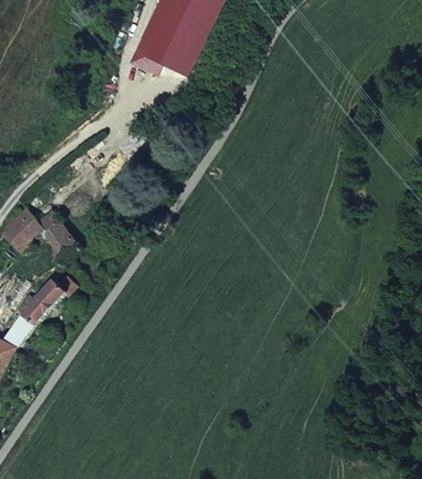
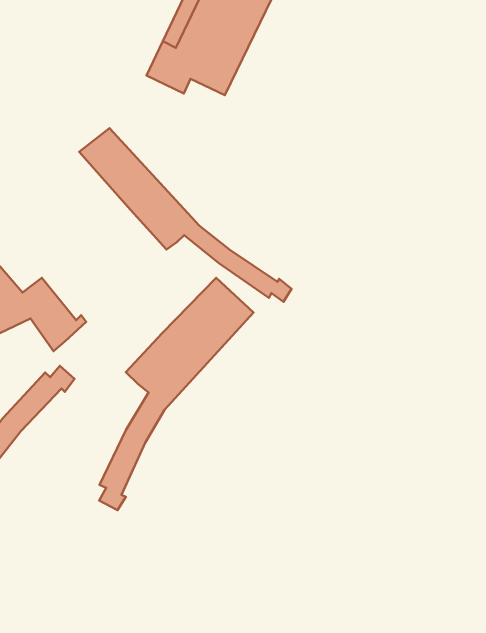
building: none -> [79,128,292,302]
building: none -> [99,278,254,510]

